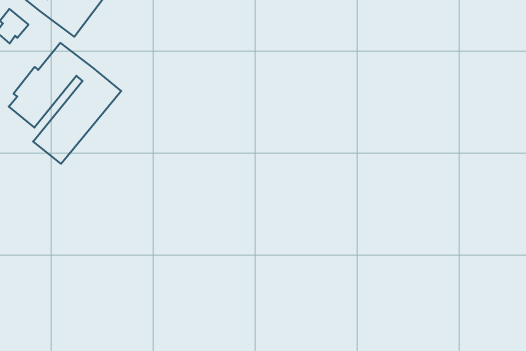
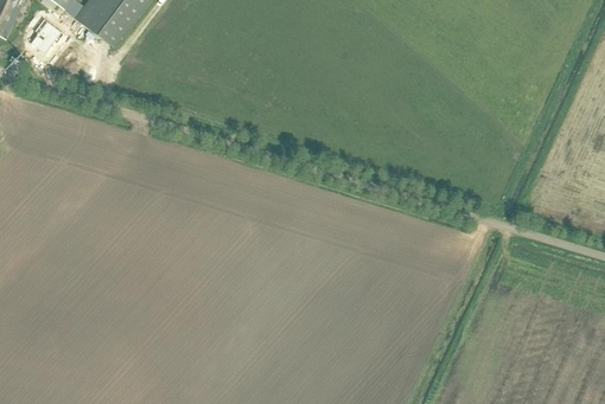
building: [9,43,121,164] -> none

